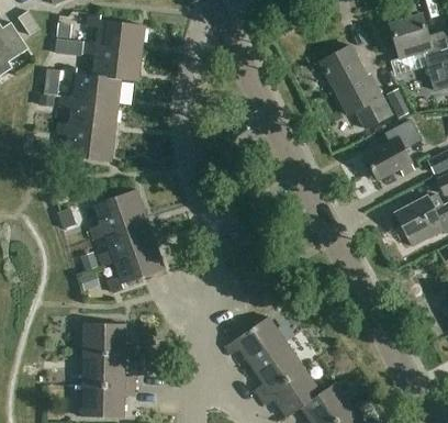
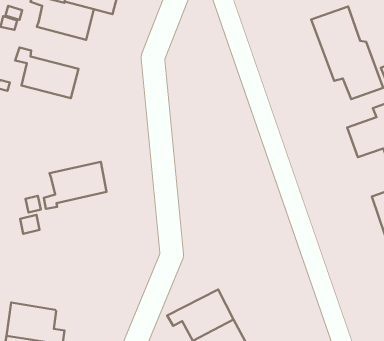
building: [58,94,116,134] -> none
building: [88,189,145,240] -> none
building: [107,242,164,291] -> none
building: [81,322,134,357] -> none

